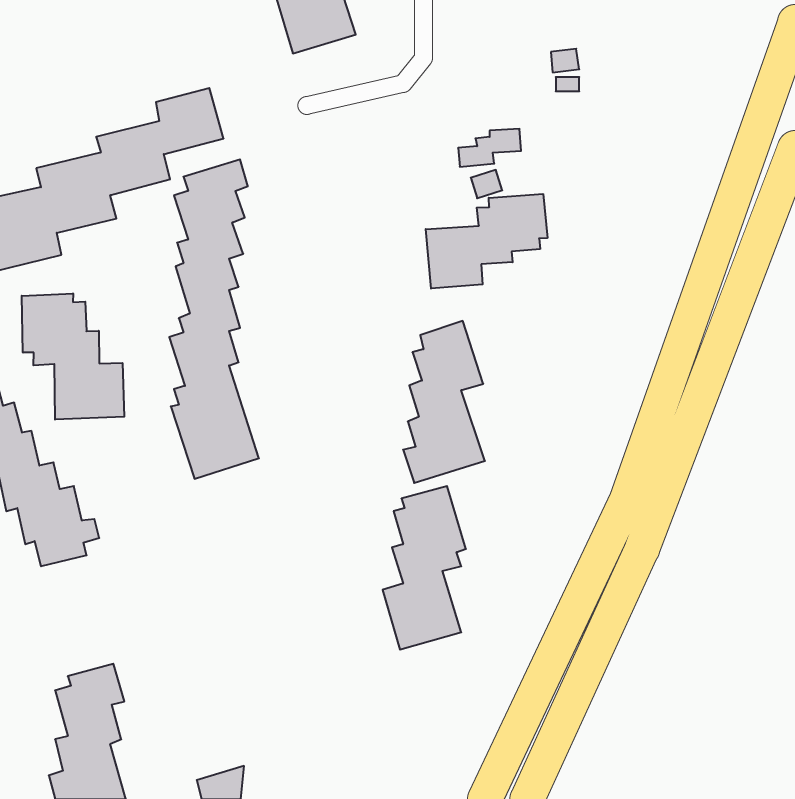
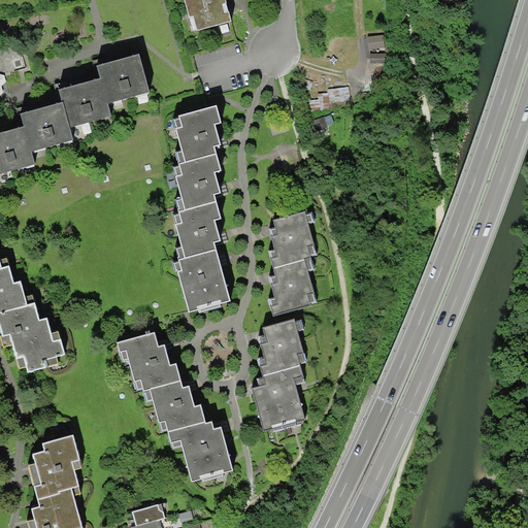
building: [169,159,259,479] -> [172,105,231,315]
building: [426,194,547,289] -> none
building: [22,293,124,420] -> none
building: none -> [117,332,232,478]

